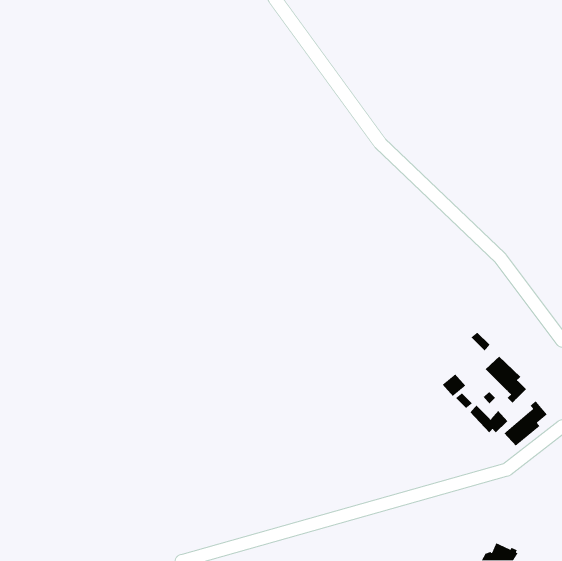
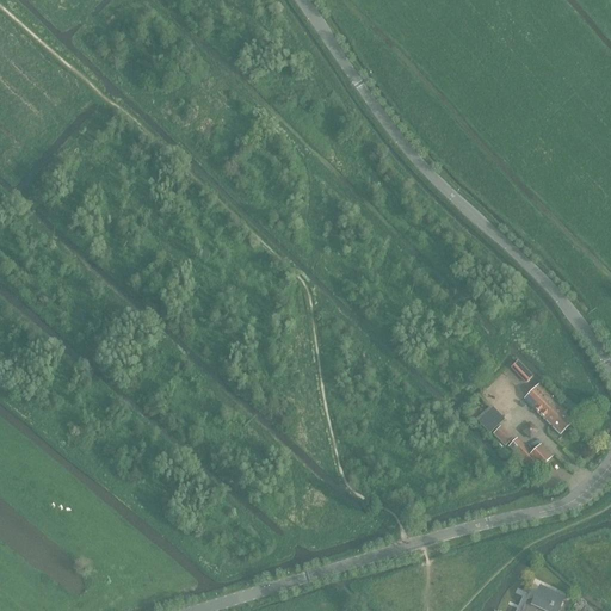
building: [504,400,548,447] -> none

